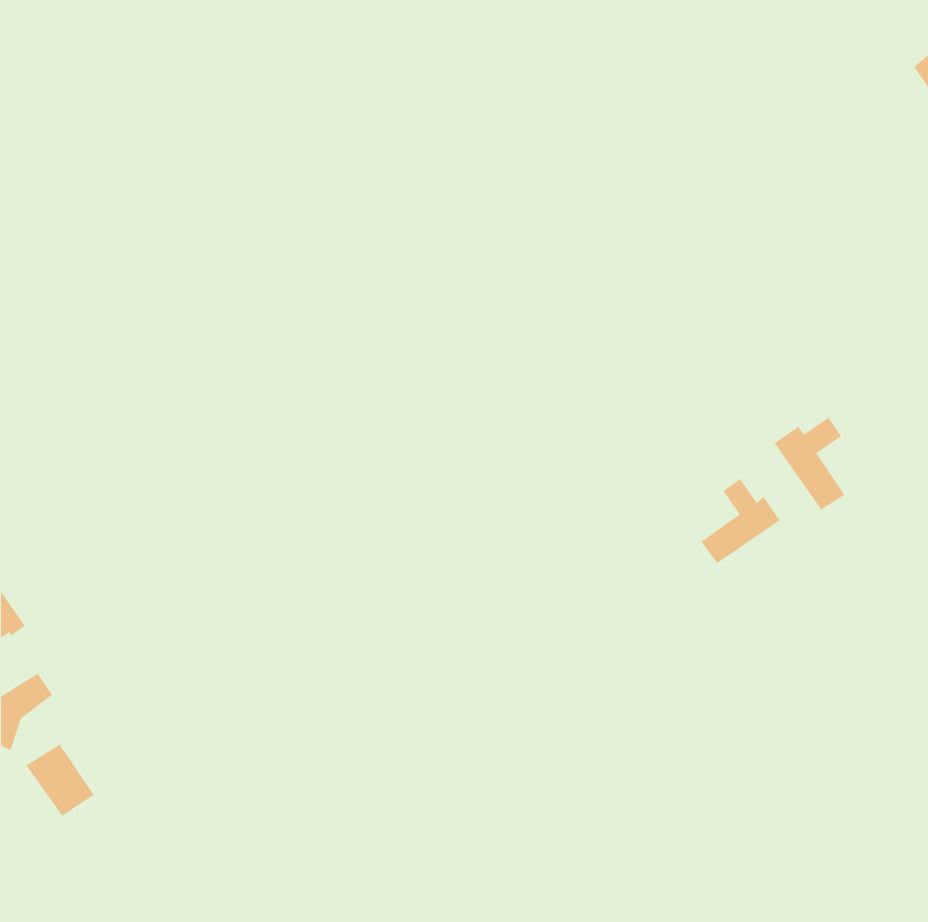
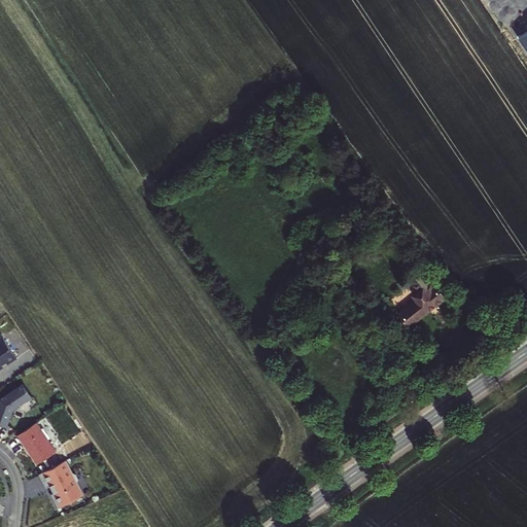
building: [774,417,845,510] -> none
building: none -> [39,462,82,508]

